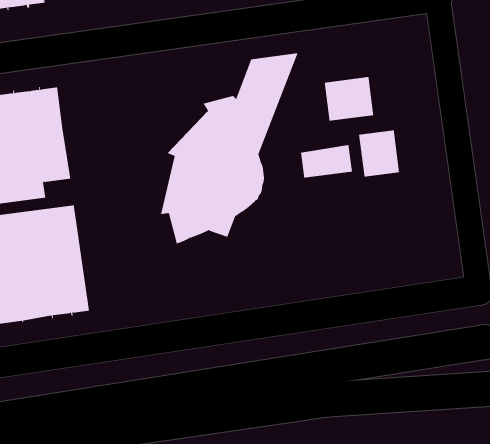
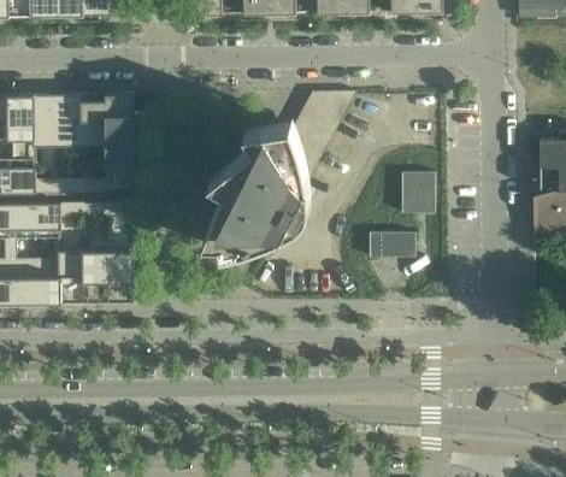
building: [324,76,374,122] -> none
building: [300,145,353,178] -> [369,231,414,257]

